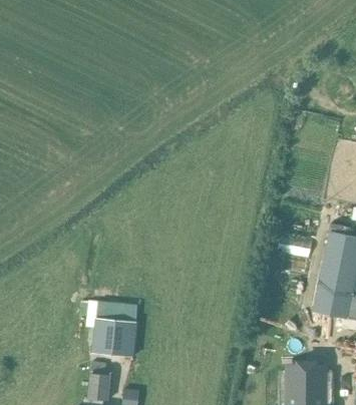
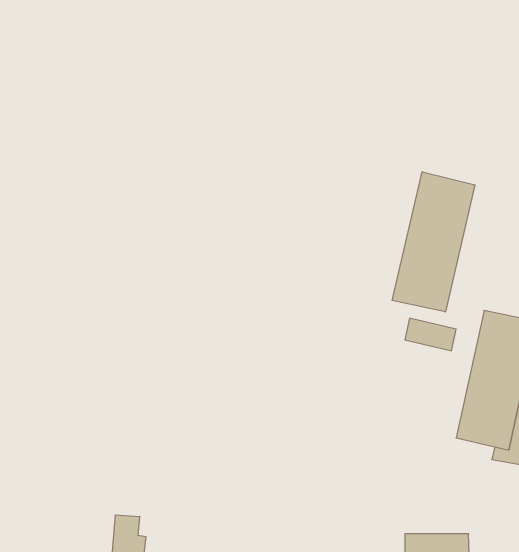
building: none -> [392,172,475,312]
building: [87,299,138,357] -> none

